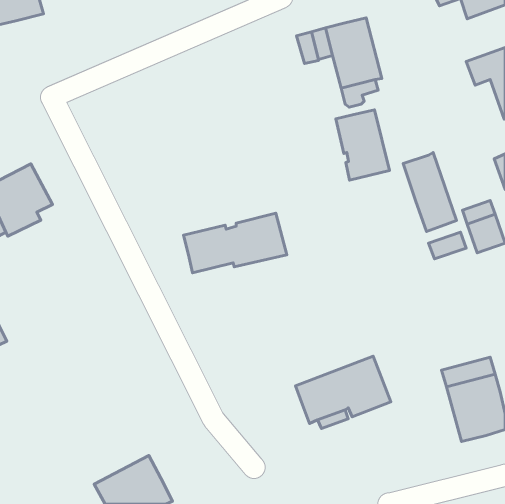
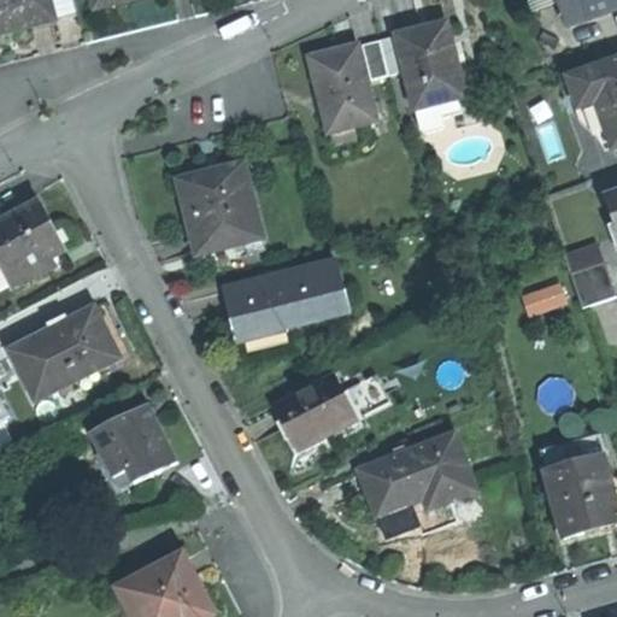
building: [336,110,389,180] -> [310,45,375,130]
building: none -> [180,161,258,252]
building: [403,152,456,232] -> none
building: none -> [8,307,116,398]
building: none -> [274,374,357,448]
building: none -> [90,405,175,481]

